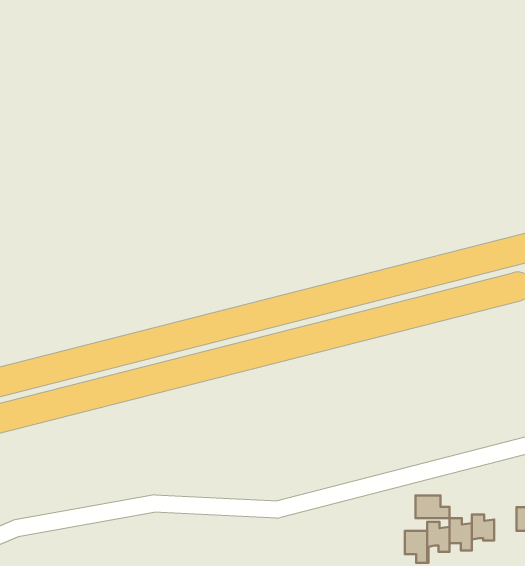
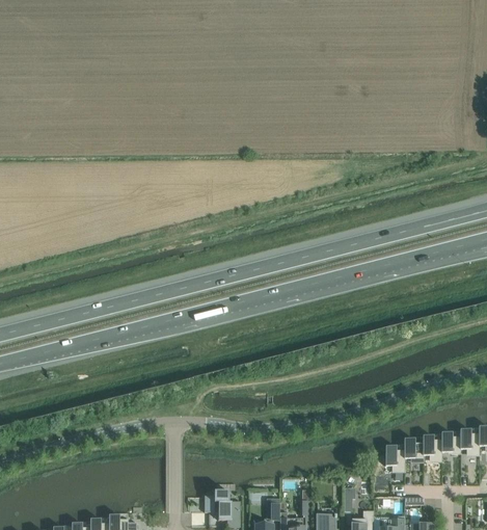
building: [416,495,450,518] -> none
building: none -> [460,429,479,456]

